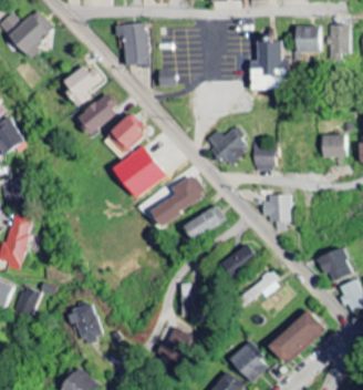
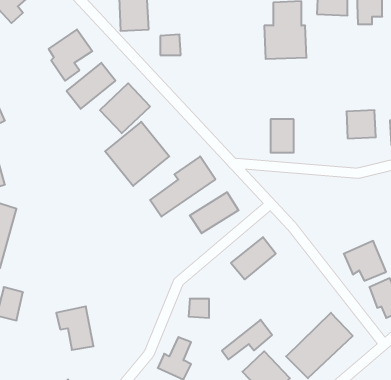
building: [206,125,247,167] -> none
building: [261,196,291,232] -> none
building: [239,271,282,306] -> [222,320,272,359]

